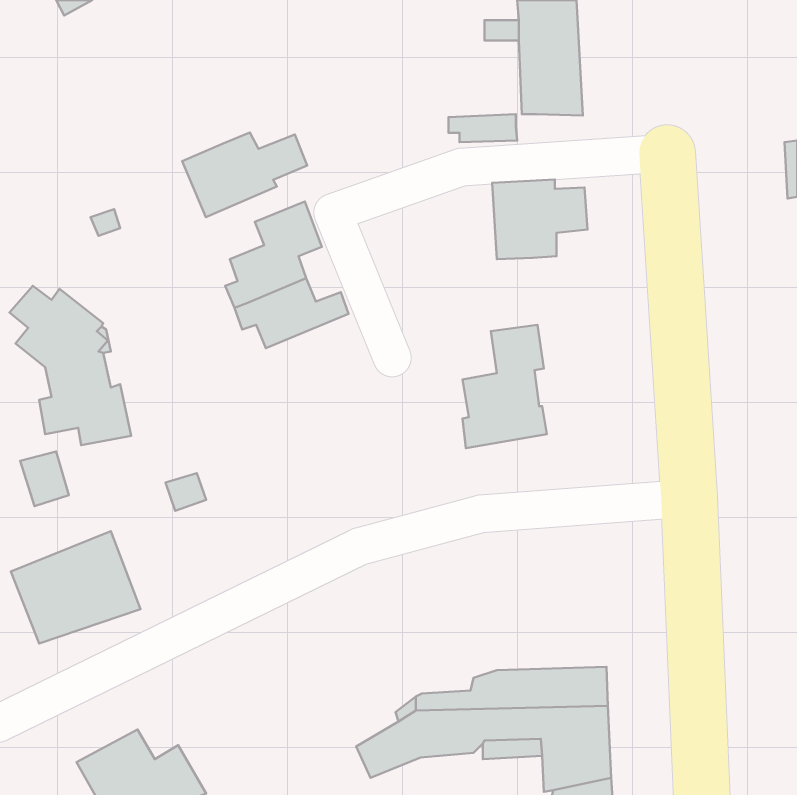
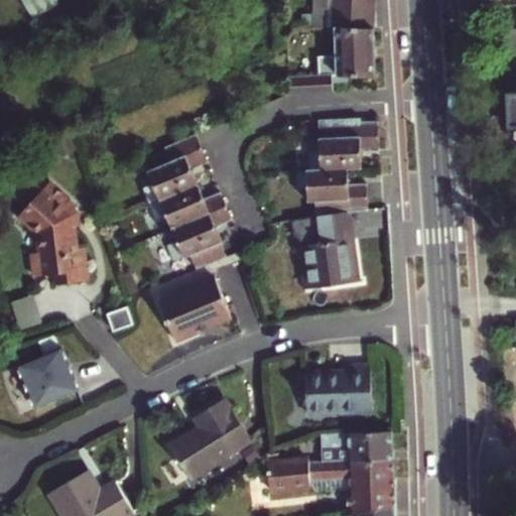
building: [182,132,307,217] -> none
building: none -> [305,168,365,216]
building: none -> [169,205,231,266]
building: none -> [158,276,232,340]
building: none -> [306,365,372,414]
building: none -> [168,400,251,480]

